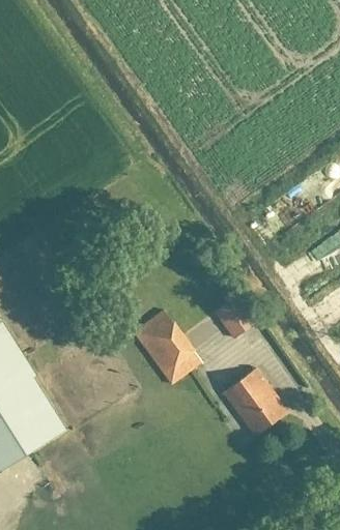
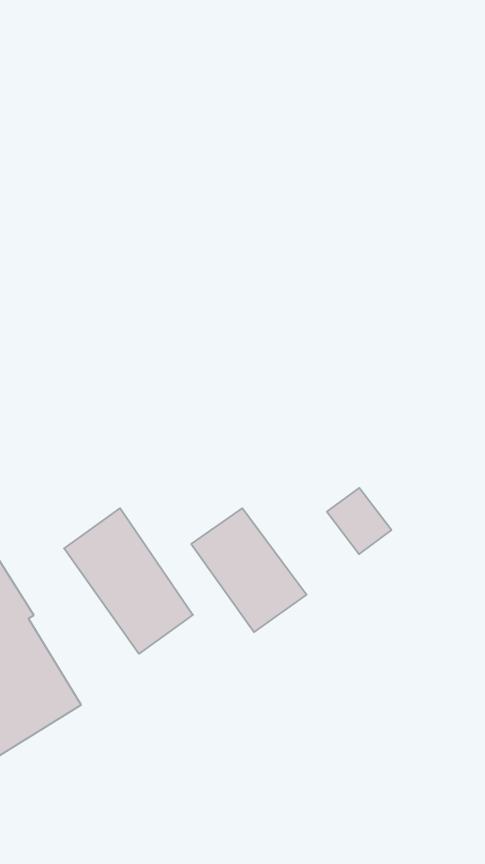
building: none -> [64,508,193,654]
building: [222,369,287,437] -> none

